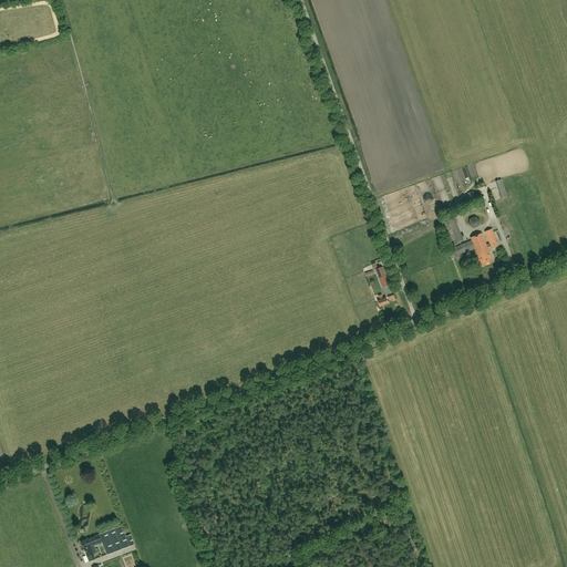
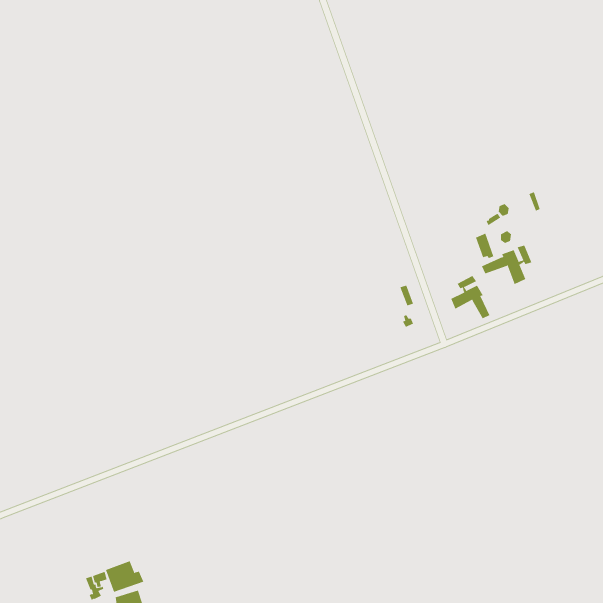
building: none -> [451,275,490,319]

